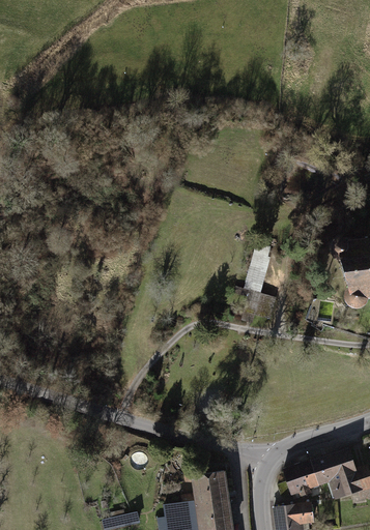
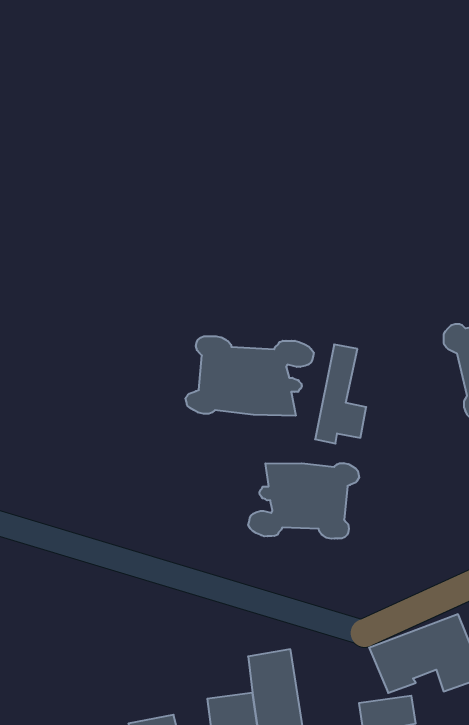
building: none -> [185,336,314,416]
building: none -> [248,463,359,539]

